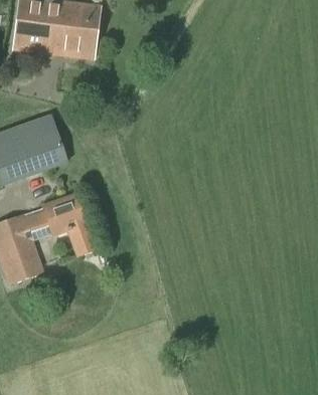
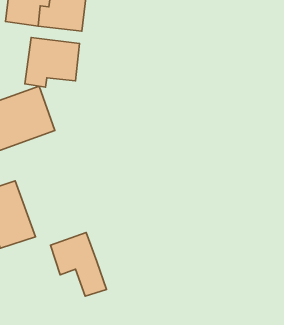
building: none -> [25,37,80,87]
building: [40,192,99,258] -> [50,232,106,296]

